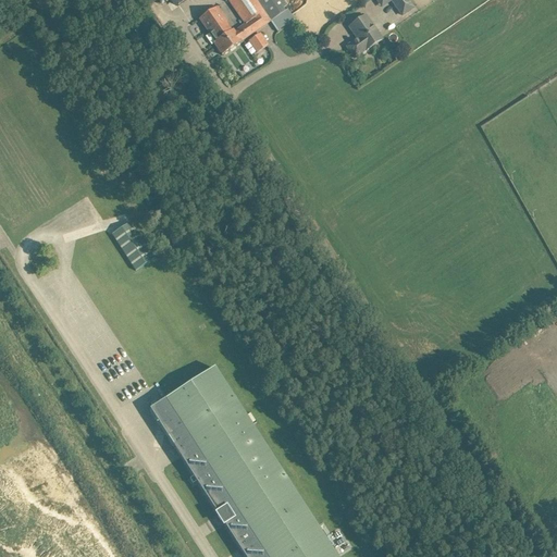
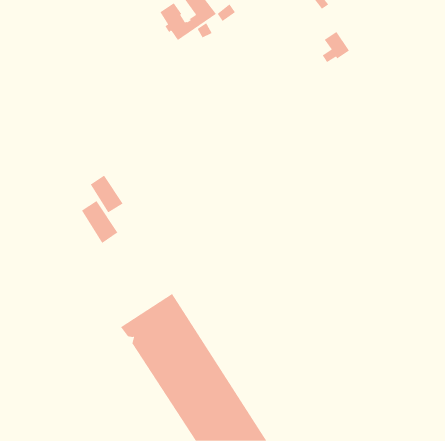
building: [347,12,382,54] -> [322,31,350,65]
building: none -> [81,200,118,244]

